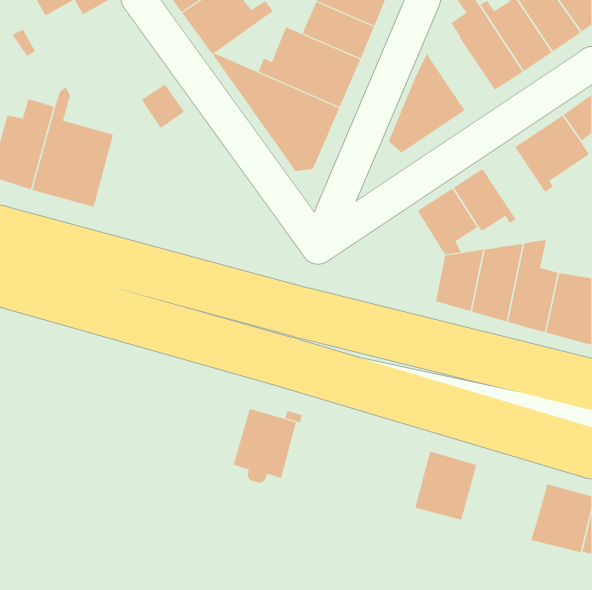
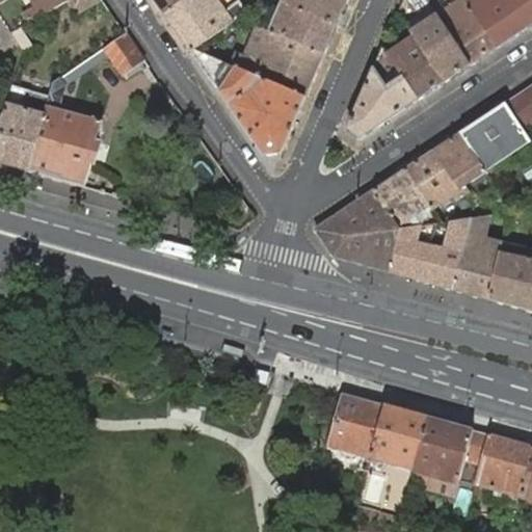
building: none -> [387,36,443,99]
building: [141,84,185,129] -> [104,32,143,73]
building: none -> [432,132,486,196]
building: none -> [315,189,398,270]
building: [233,408,297,483] -> [327,392,384,459]
building: none -> [414,417,489,480]

